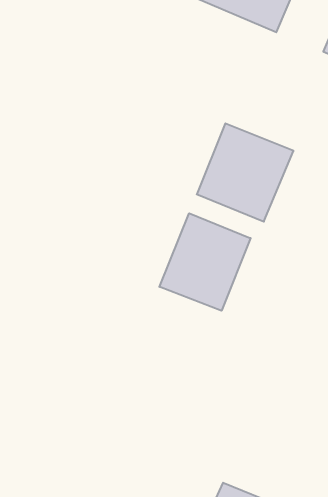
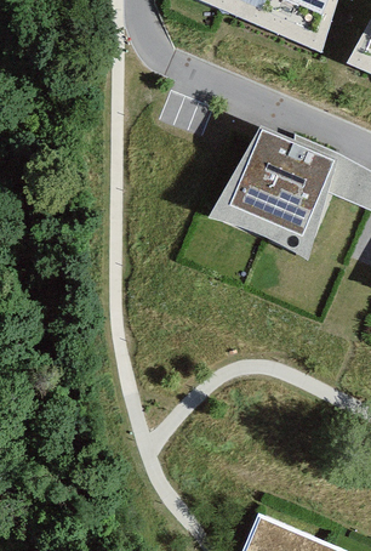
building: [159,213,251,311] -> none

